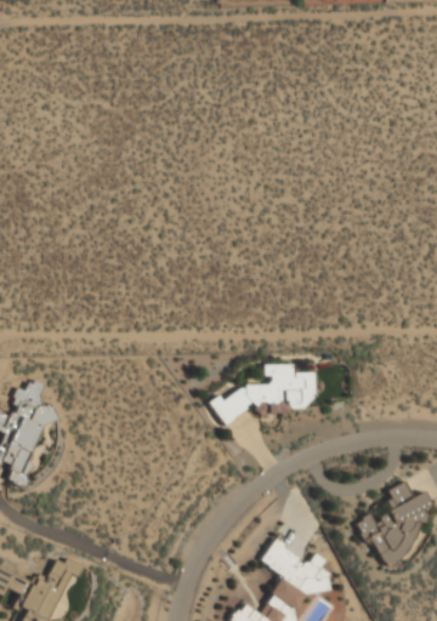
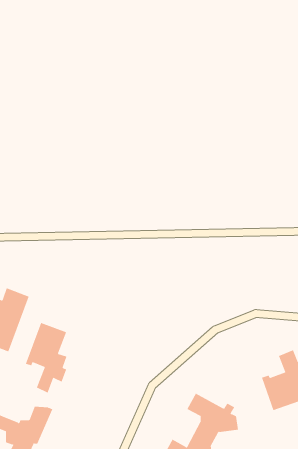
building: [217,363,316,417] -> none
building: none -> [25,322,67,393]

